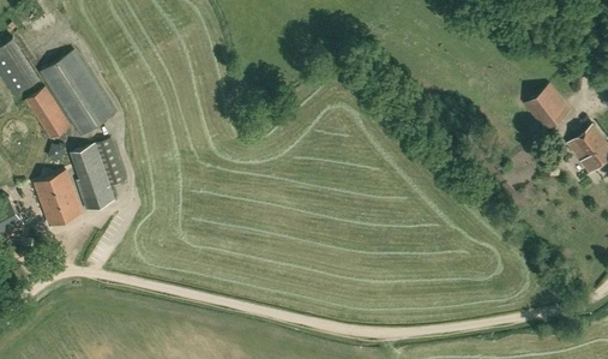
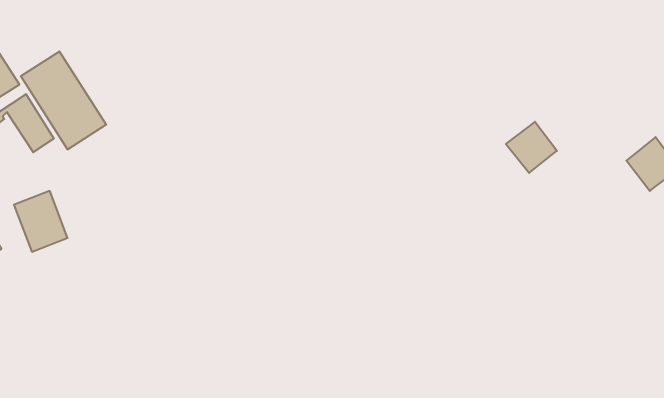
building: [524,85,568,130] -> [506,122,557,173]
building: [73,144,114,210] -> none

